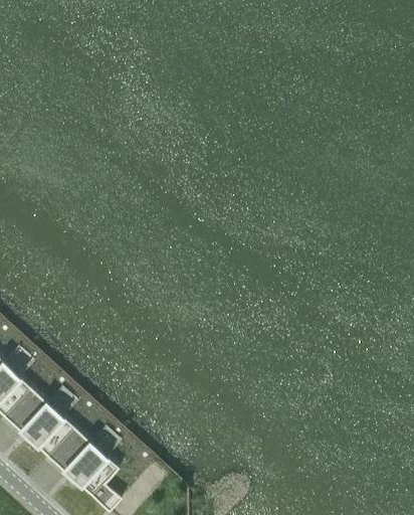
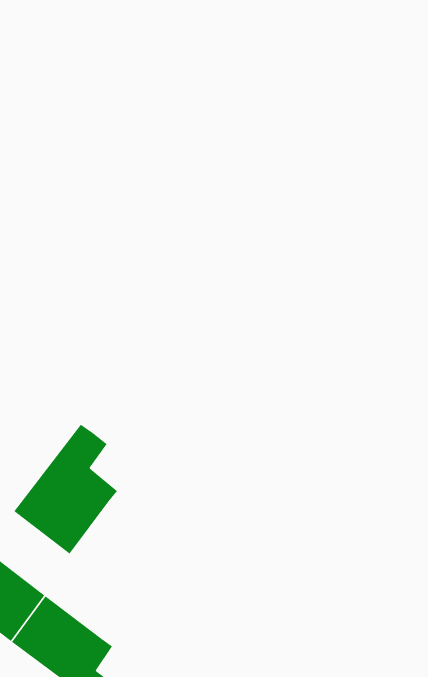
building: none -> [14,424,118,554]

